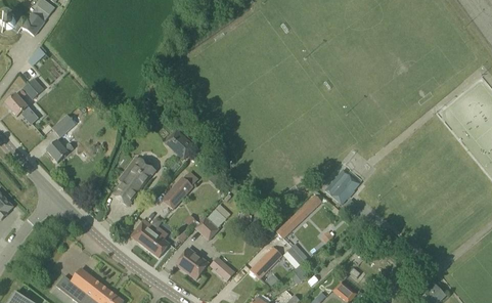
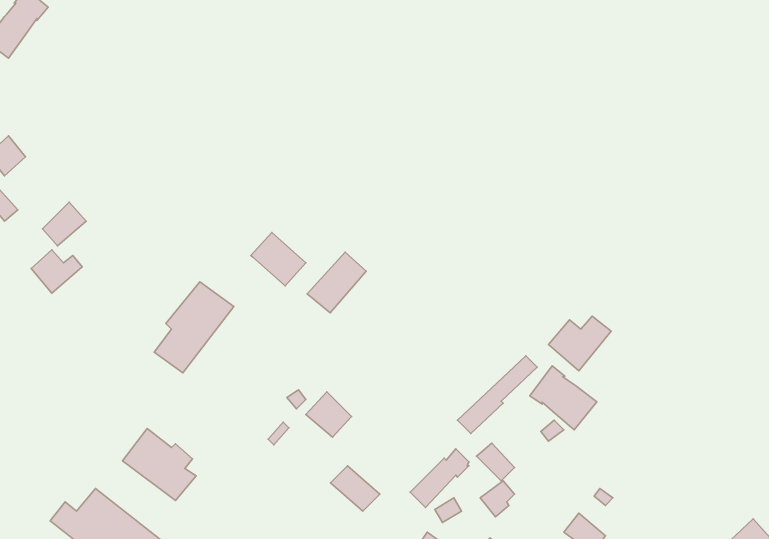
building: [162,176,193,209] -> [307,252,366,313]
building: none -> [530,366,597,430]
building: [130,218,170,257] -> [122,429,196,501]
building: [176,248,209,279] -> none

